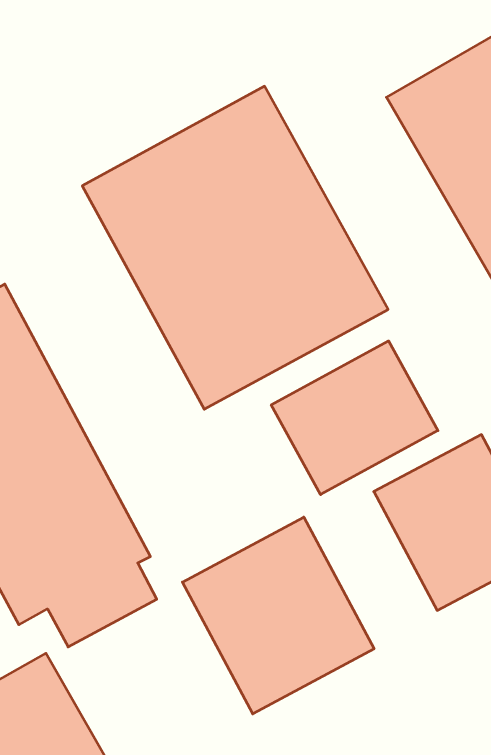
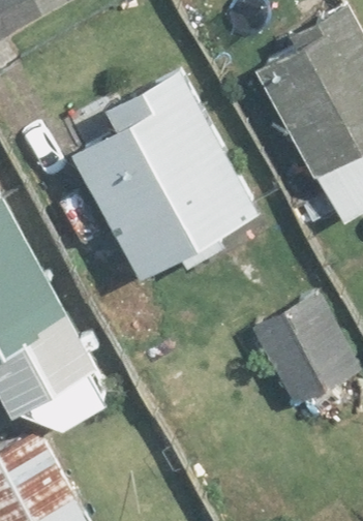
building: [271,341,438,495] -> none
building: [182,517,374,714] -> none

